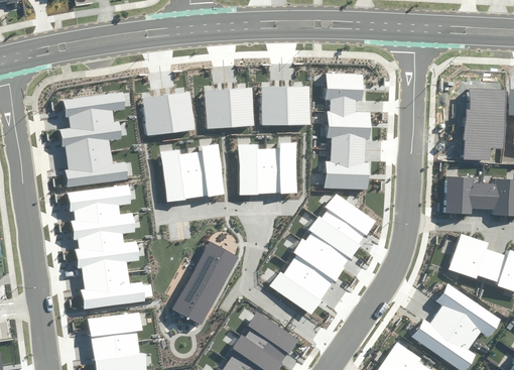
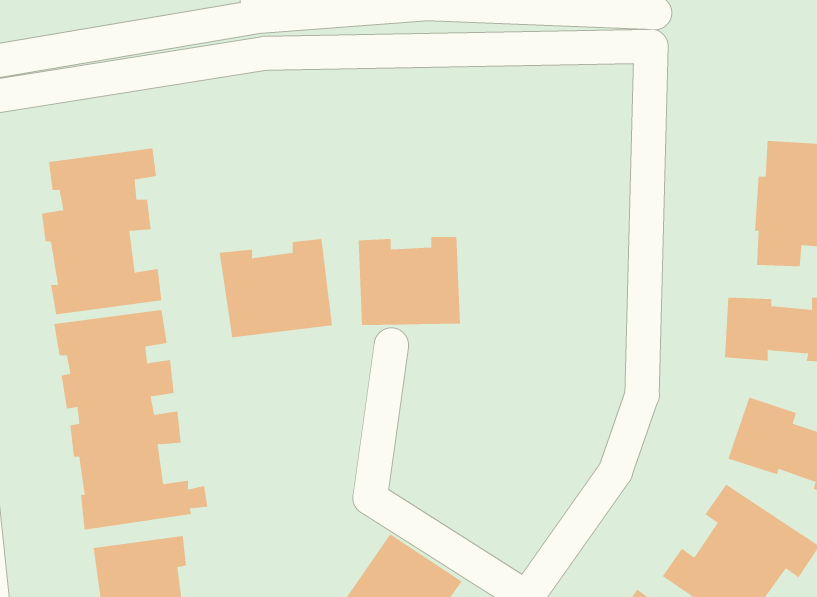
building: [324,74,371,190] -> none
building: [262,86,310,125] -> none
building: [205,87,256,129] -> none
building: [142,92,195,136] -> none
building: [270,193,376,315] -> none
building: [172,241,239,326] -> none

